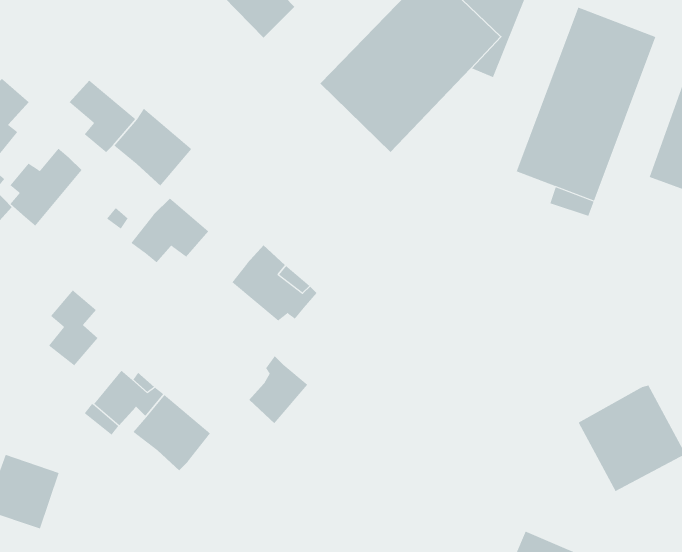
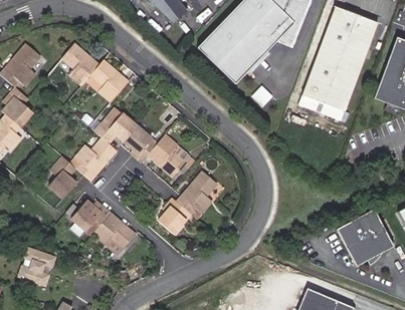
building: [9,148,82,226] -> [77,138,117,181]
building: none -> [126,126,158,161]
building: none -> [178,174,219,215]

